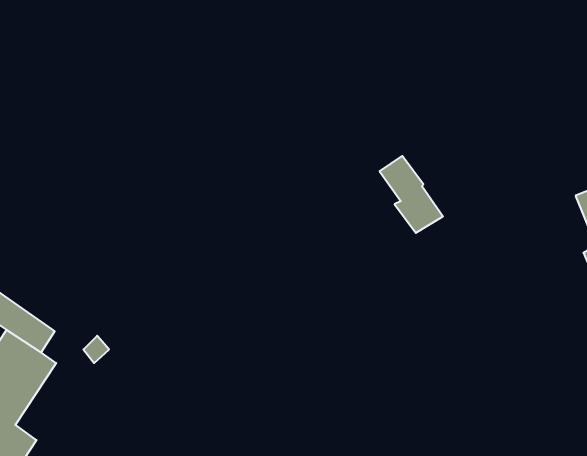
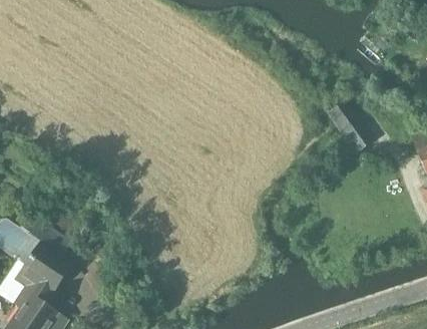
building: [380,156,443,233] -> [332,101,374,152]

